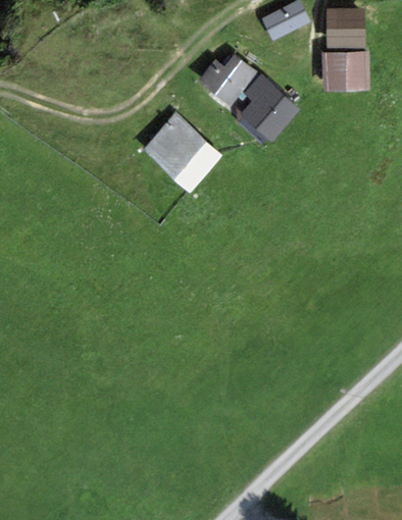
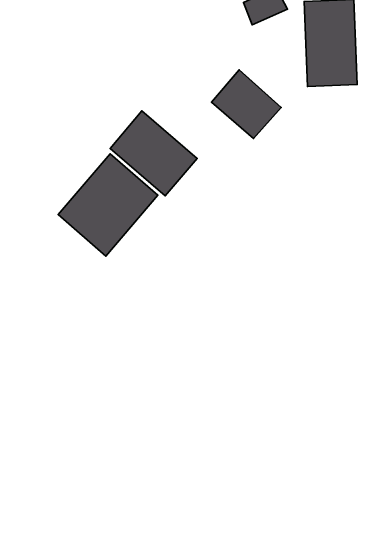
building: [201,49,256,104] -> none
building: none -> [58,154,158,256]

